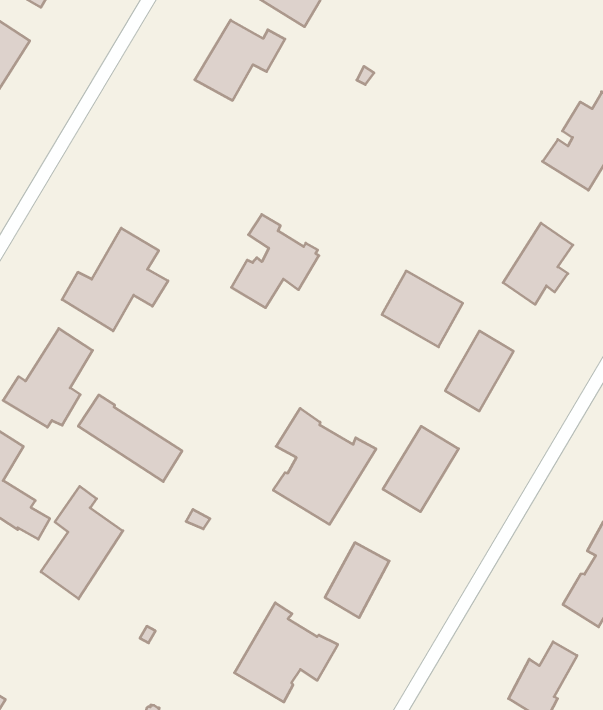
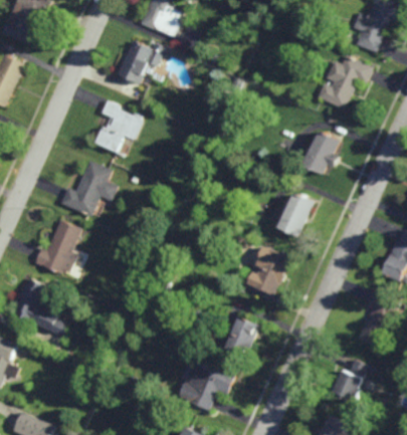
building: [231,214,319,308] -> [95,99,142,151]
building: [382,271,463,347] -> none
building: [78,395,182,482] -> none
building: [273,408,376,524] -> none
building: [41,486,123,599] -> none

